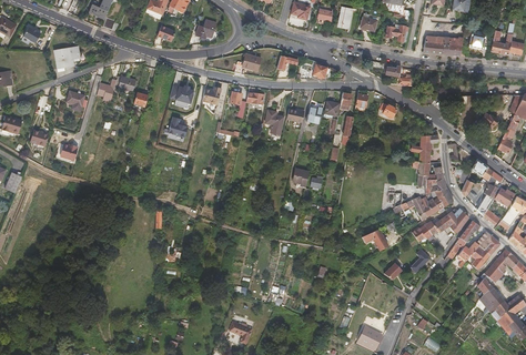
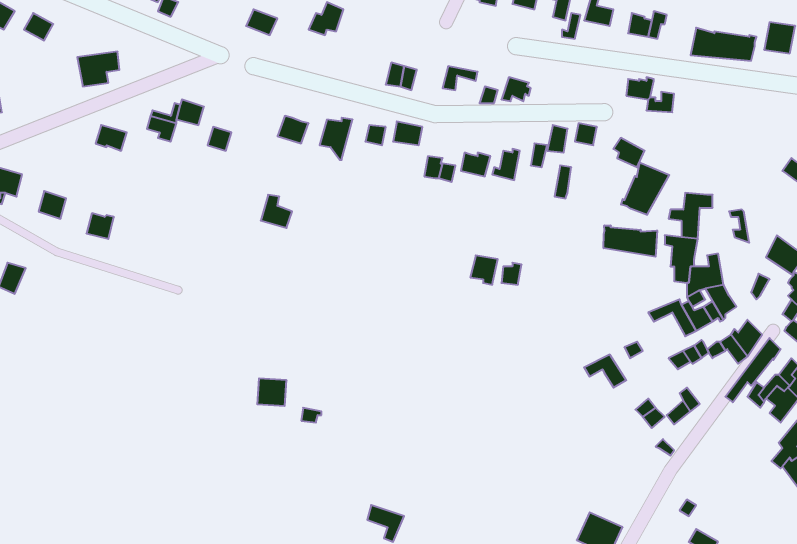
building: none -> [621,163,669,215]
building: none -> [604,225,657,257]

